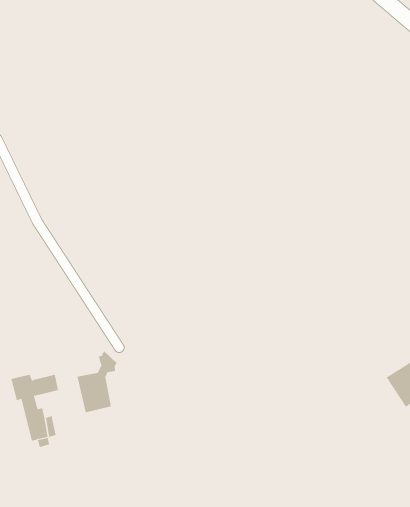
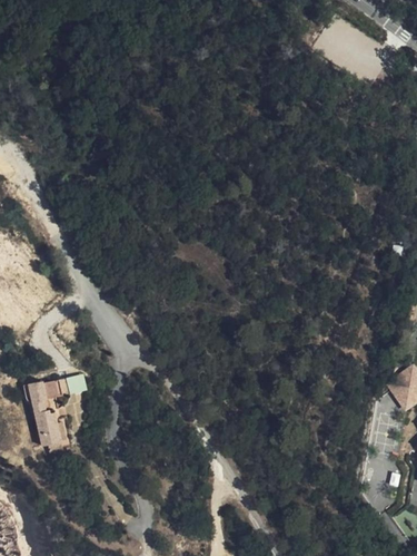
building: [77,350,118,413] -> none

